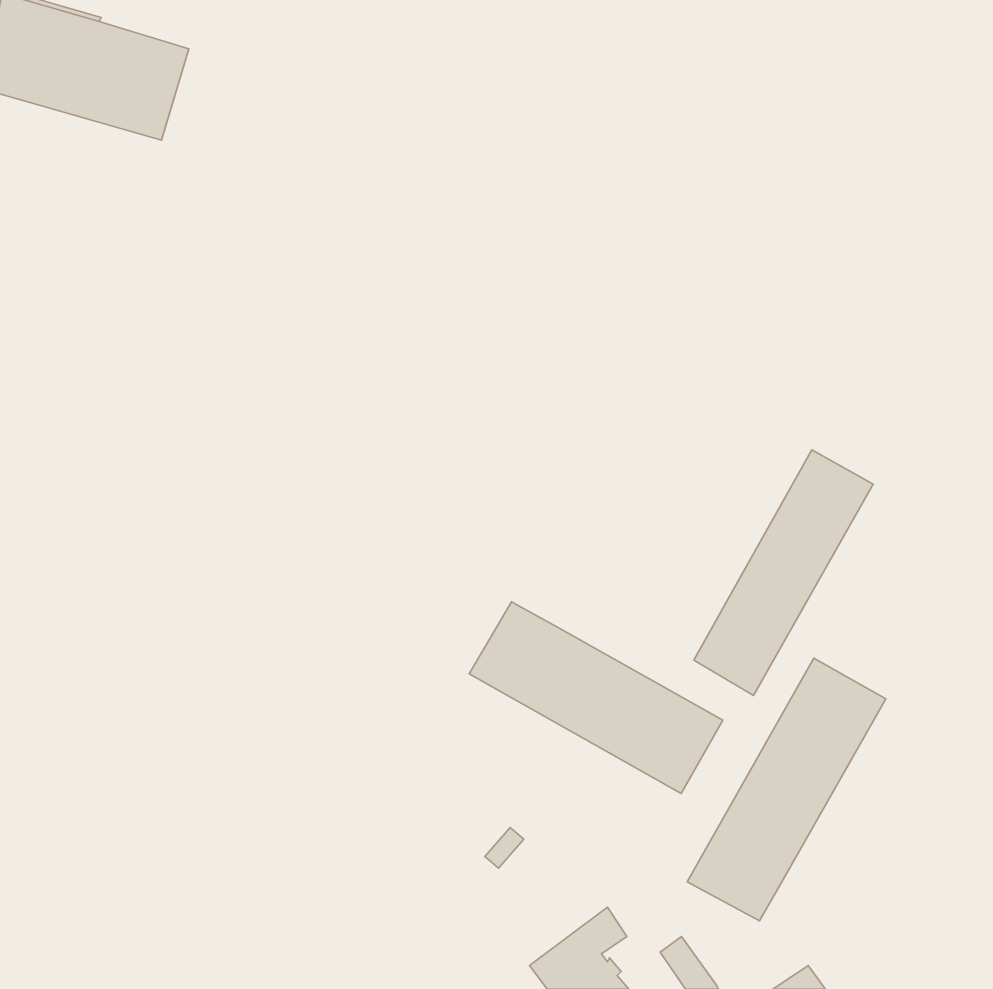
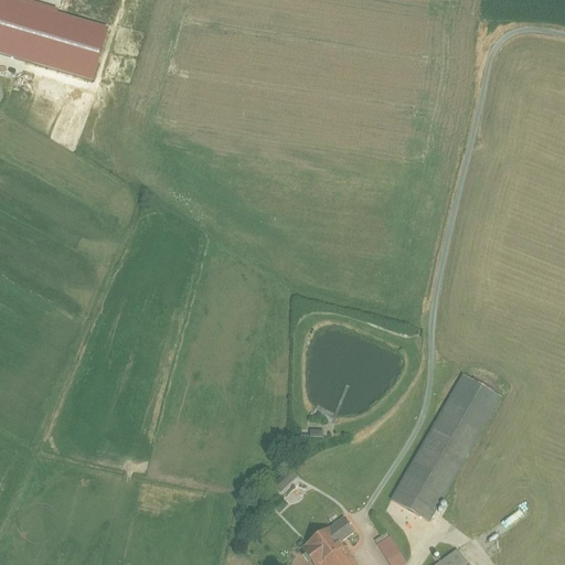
building: [694,450,873,696] -> none
building: [469,602,723,794] -> none

